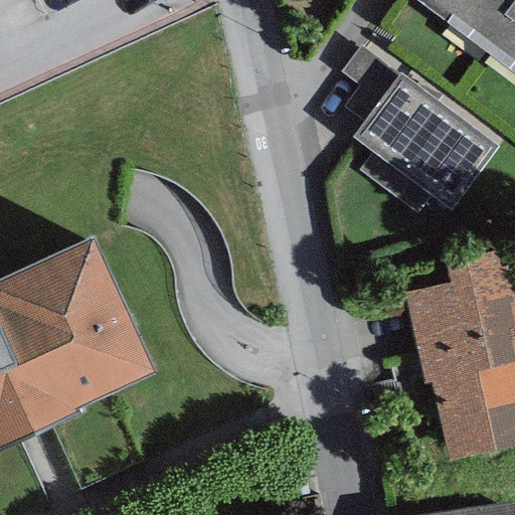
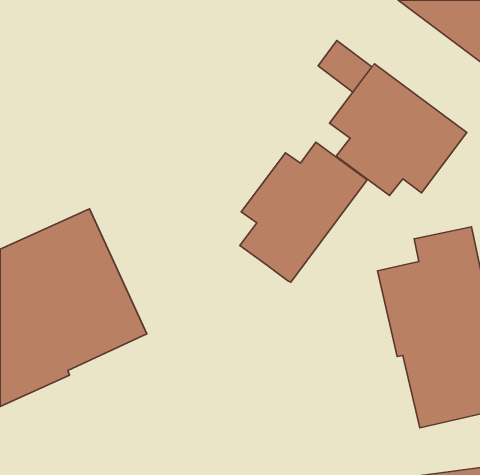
building: none -> [240,142,367,282]

